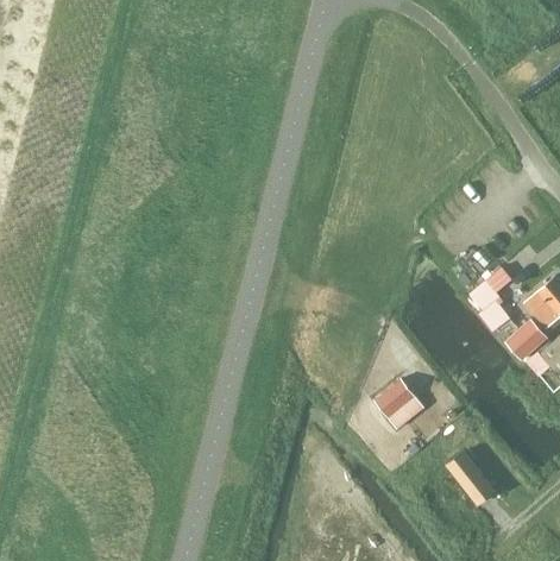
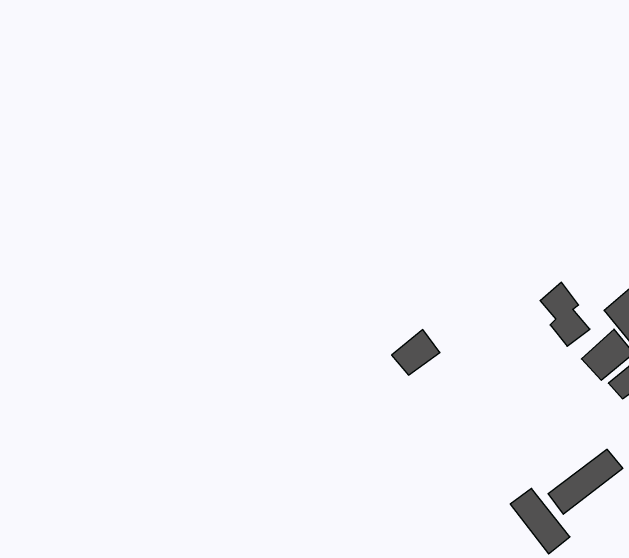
building: [375,378,415,416] -> [392,330,440,375]
building: none -> [548,449,623,514]

